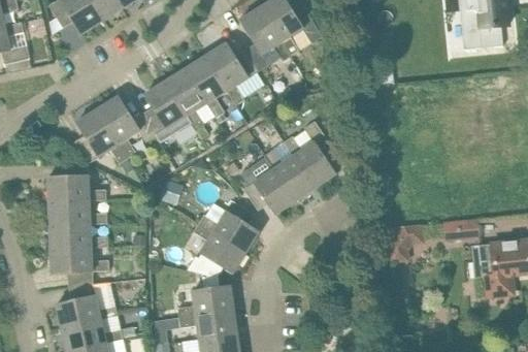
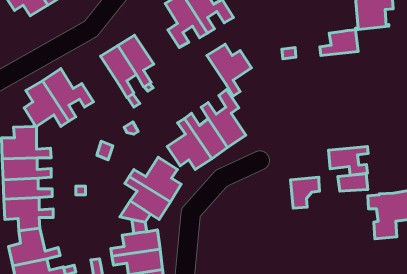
building: [204,43,257,104] -> [207,44,252,96]
building: none -> [320,30,358,55]
building: [142,82,187,142] -> none
building: none -> [328,147,368,175]

